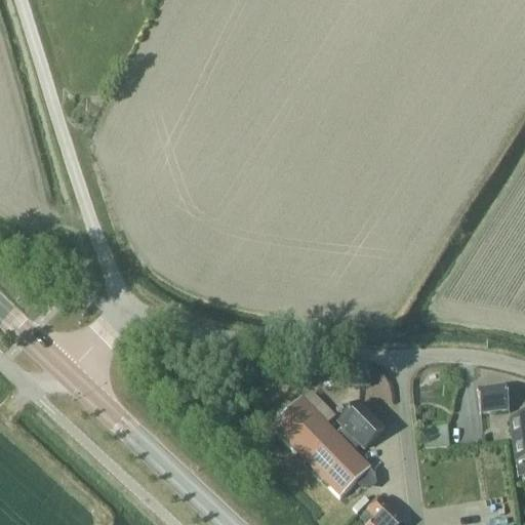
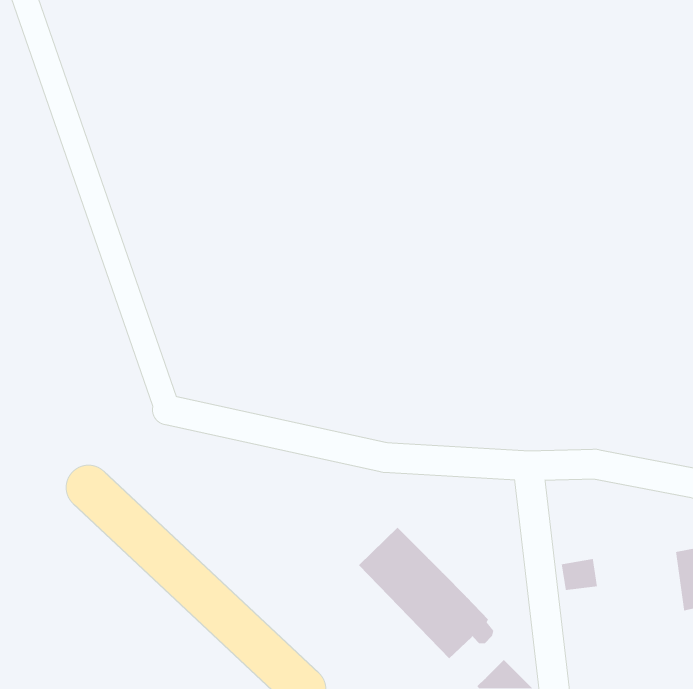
building: [478,382,510,411] -> none
building: [335,400,386,449] -> none

